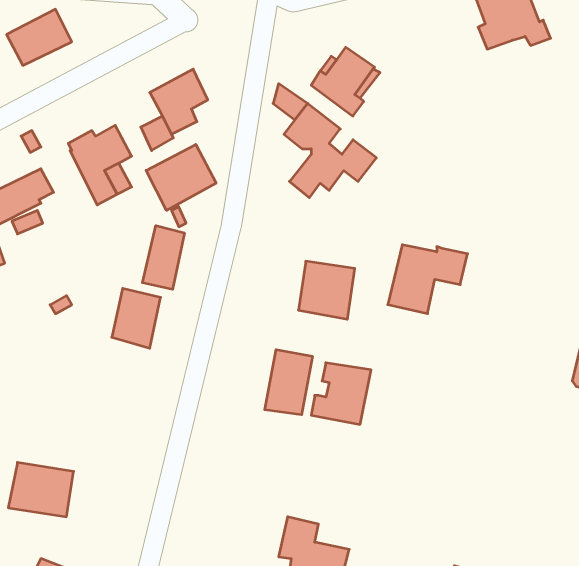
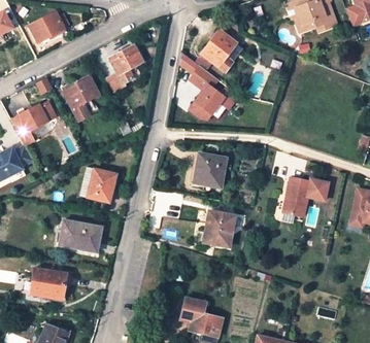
building: [146,144,216,210] -> none
building: [142,226,184,289] -> none
building: [388,245,468,314] -> [283,178,329,217]
building: [265,350,312,415] -> none
building: none -> [59,218,101,251]

